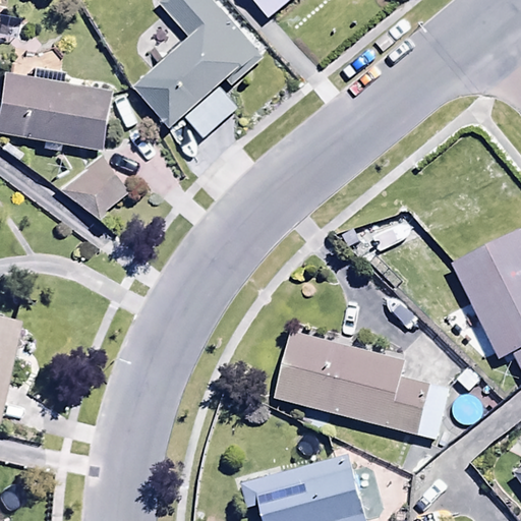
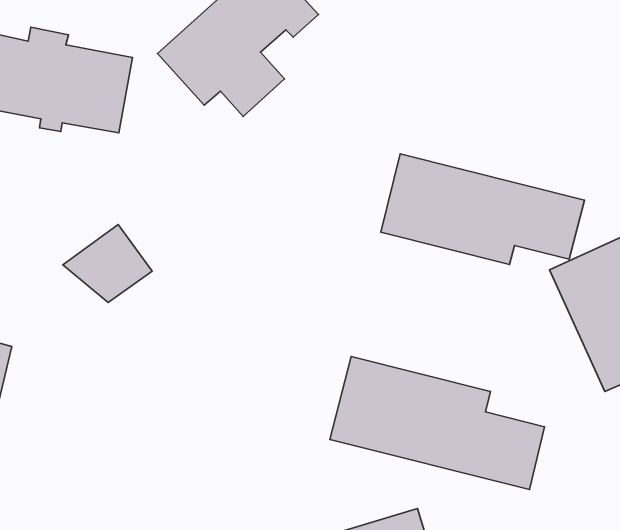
building: [56,155,128,218] -> [63,225,152,303]
building: none -> [381,154,585,265]

